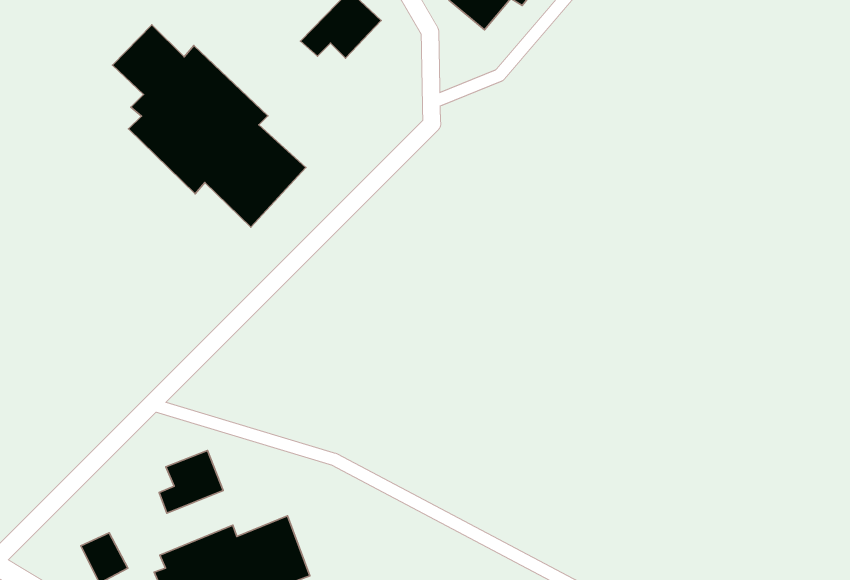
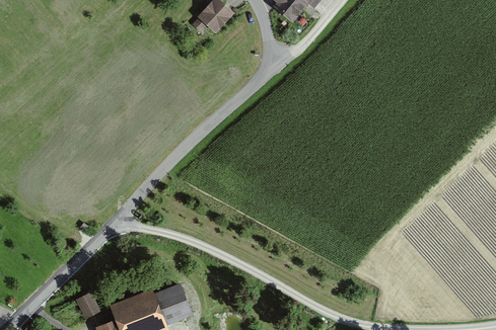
building: [113,25,306,227] -> none
building: [159,450,223,513] -> none

